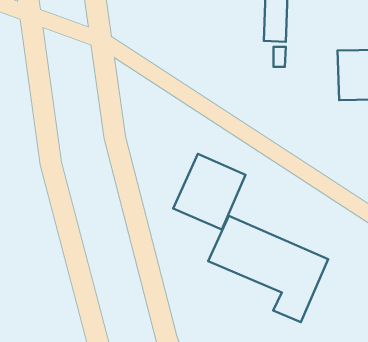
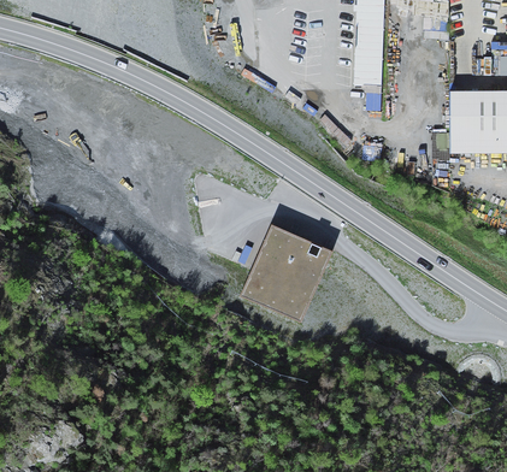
building: [208,216,328,322] -> none

